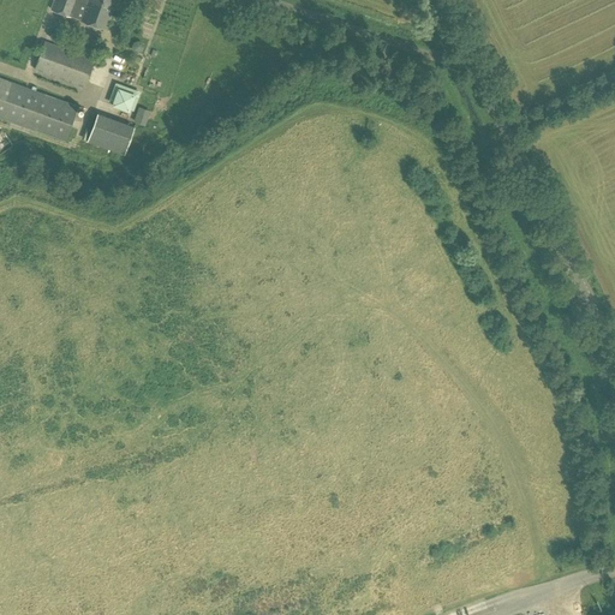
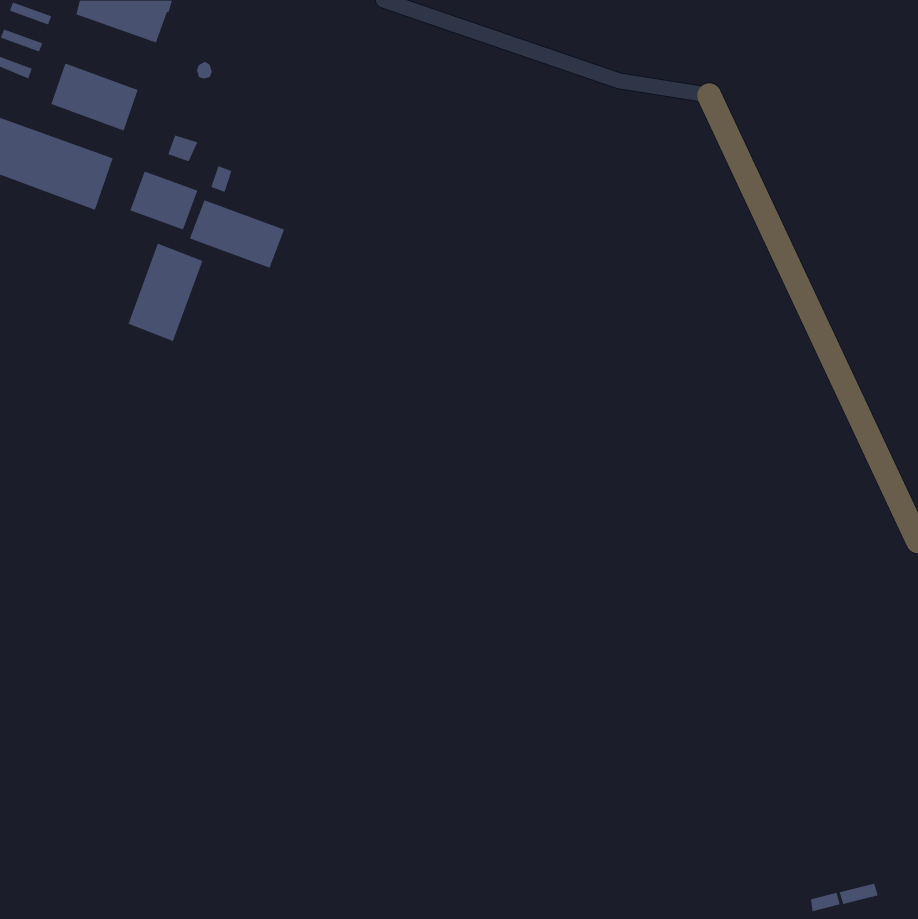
building: none -> [189,200,285,268]
building: none -> [128,243,203,342]

